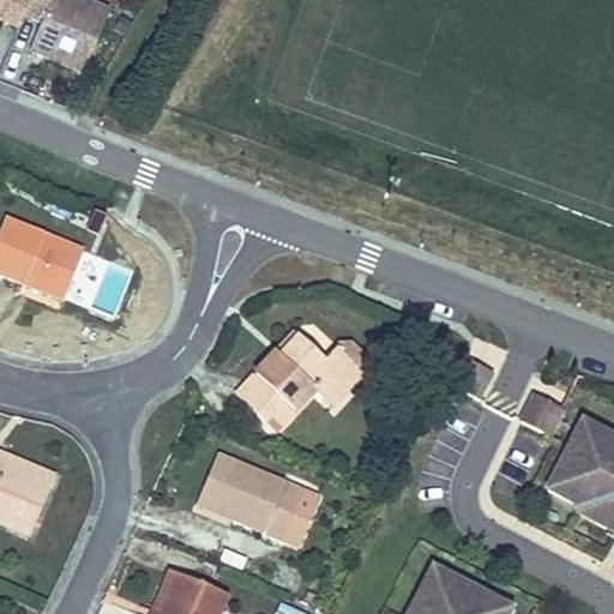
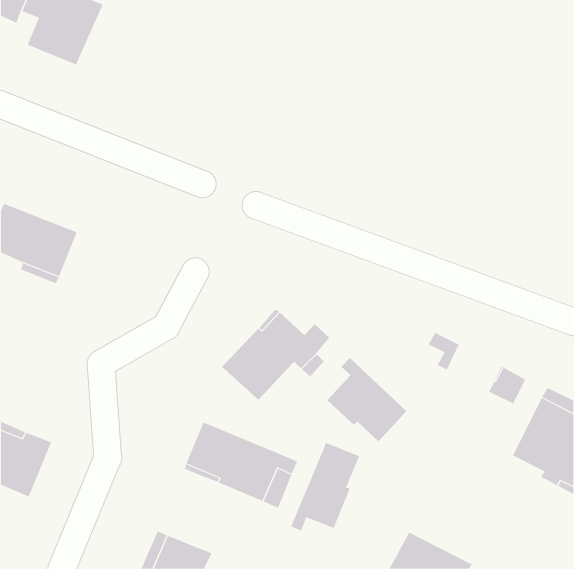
building: none -> [327,357,407,442]
building: none -> [291,442,360,531]

